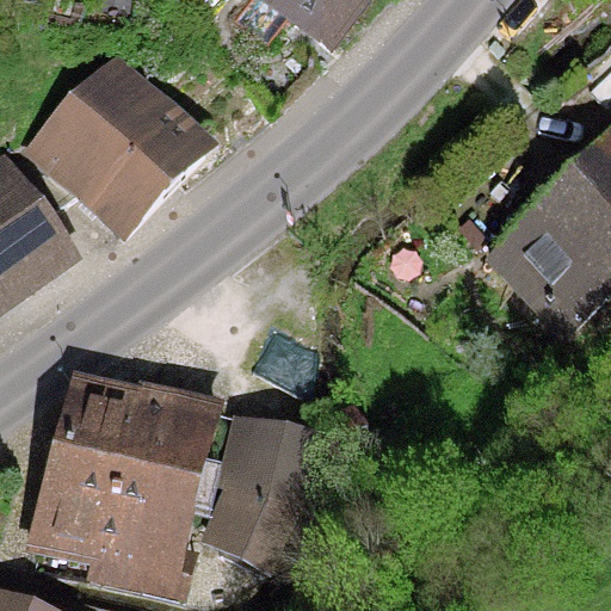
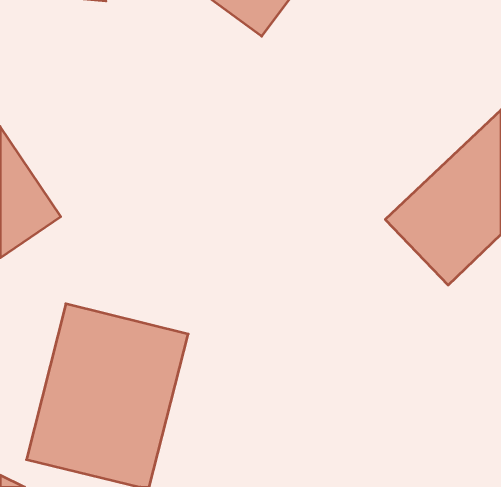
building: [21,53,212,242] -> none
building: [203,399,316,564] -> none

